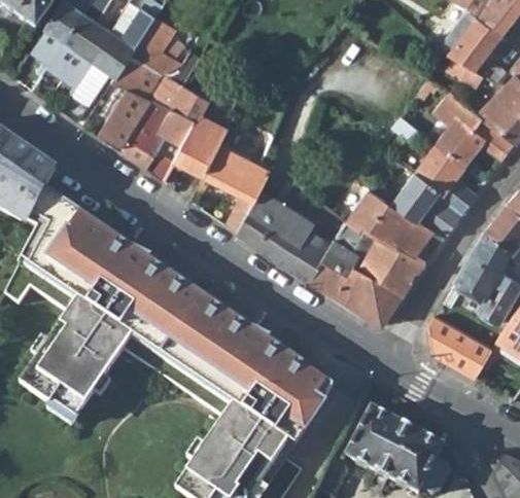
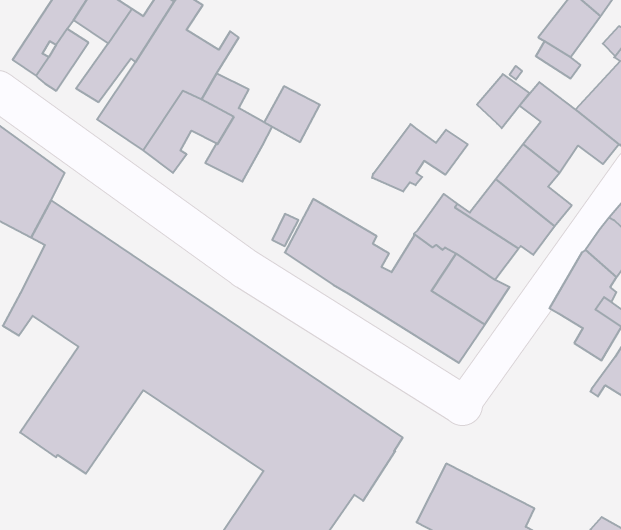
building: none -> [477,74,529,128]
building: none -> [372,124,468,192]
building: [204,144,250,190] -> [264,86,320,142]
building: [431,315,493,377] -> none

